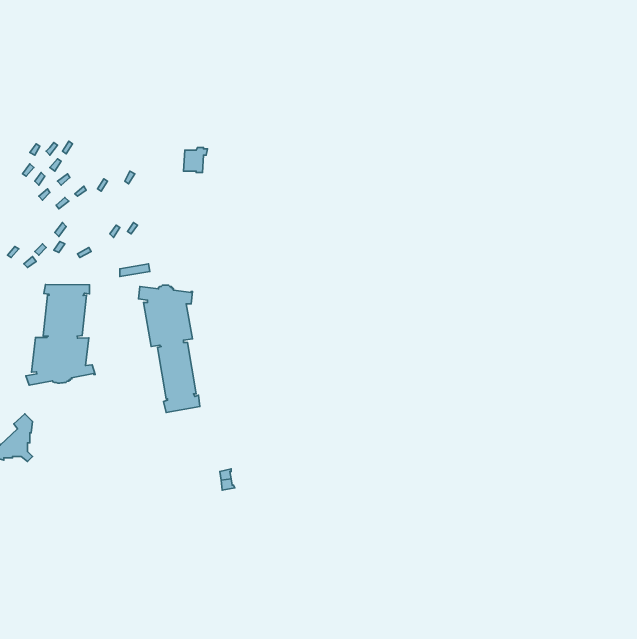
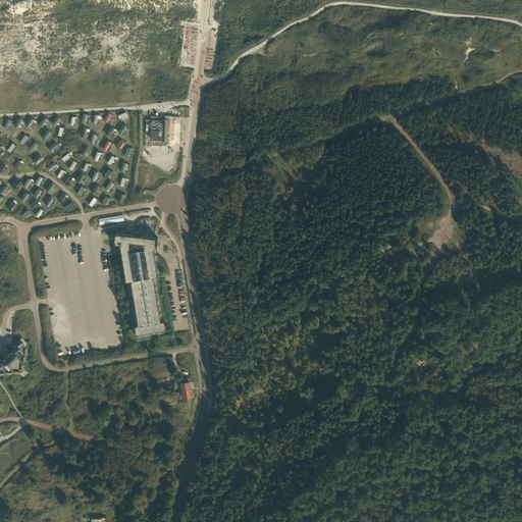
building: [26,285,95,385] -> none

